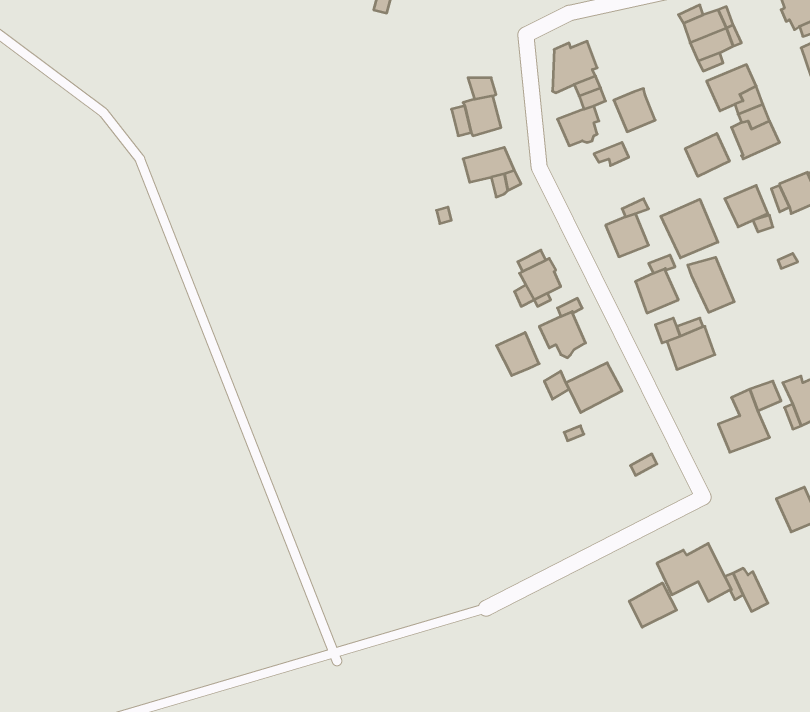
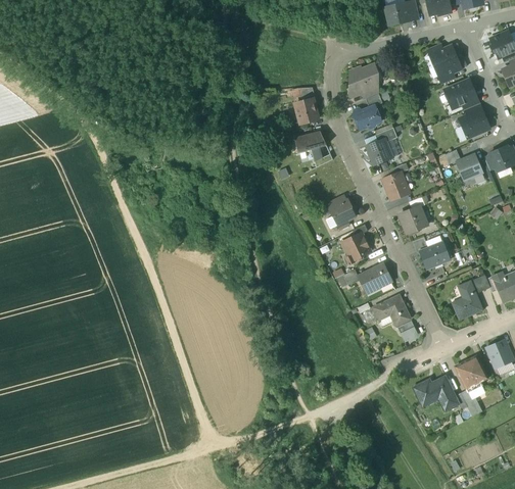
building: [614,89,655,132] -> [366,138,391,164]
building: [685,133,729,176] -> none
building: [661,199,718,258] -> none
building: [688,257,734,312] -> none
building: [496,332,539,376] -> none
building: none -> [373,295,410,325]
building: none -> [456,356,487,391]
building: [629,583,677,627] -> none

